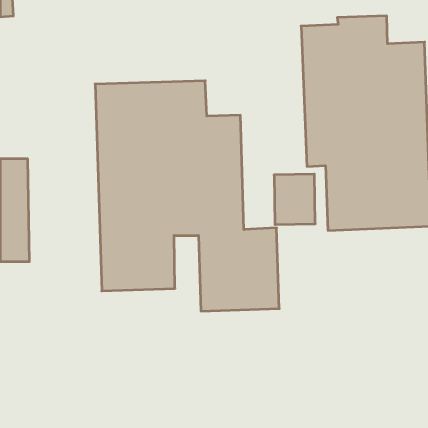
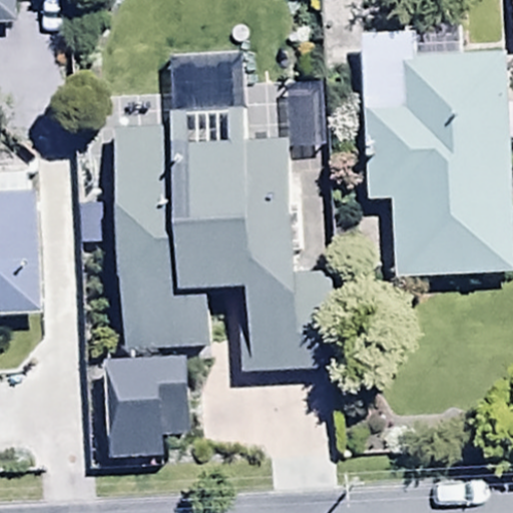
building: none -> [103,354,188,457]

